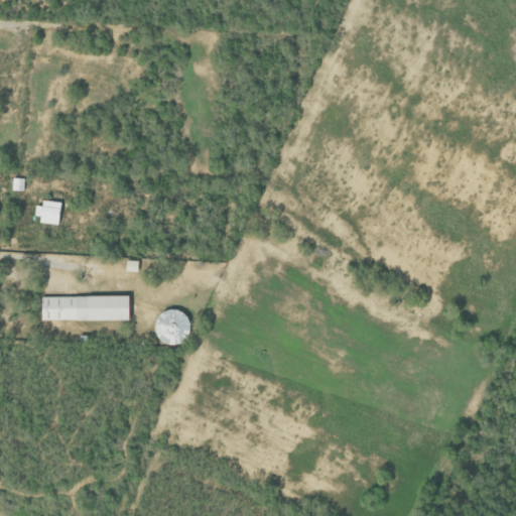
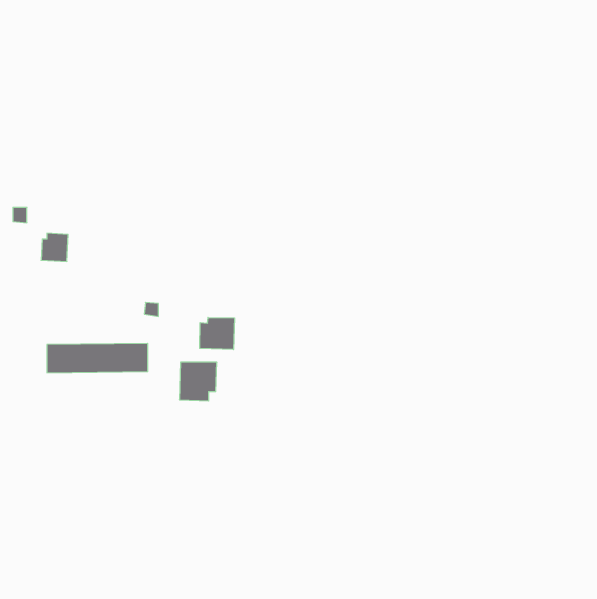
building: none -> [200,317,234,350]

